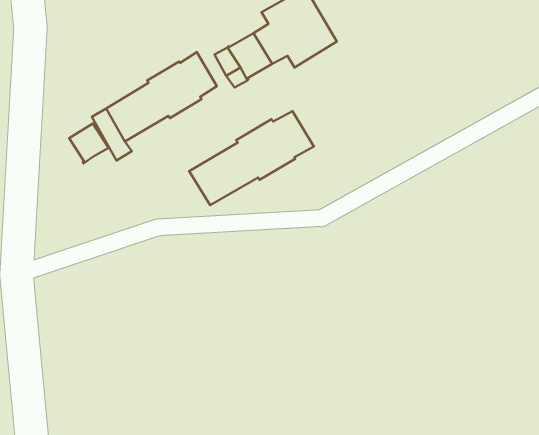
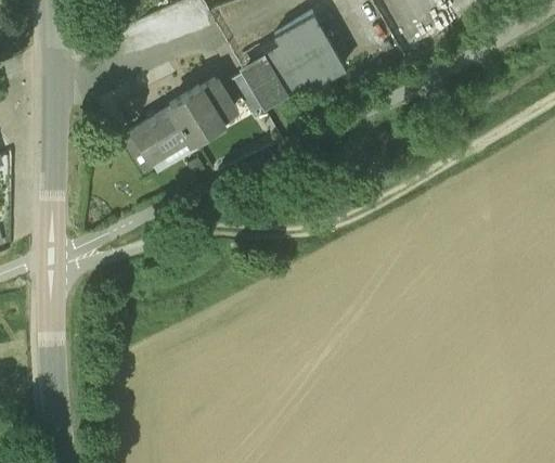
building: [189,111,314,205] -> none
building: [69,124,109,164] -> none

